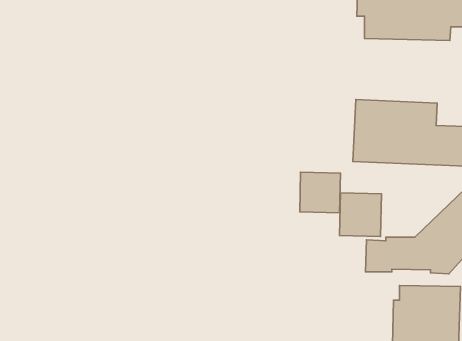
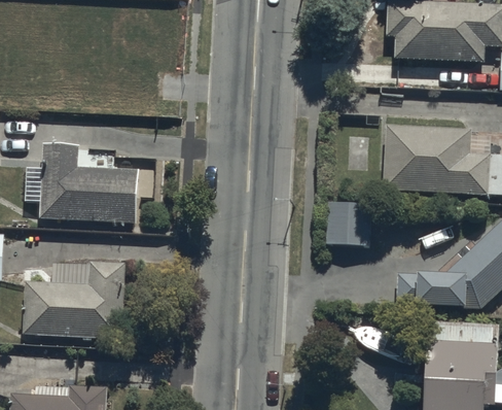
building: none -> [23,143,139,224]
building: [340,193,381,236] -> none
building: none -> [24,264,126,342]

